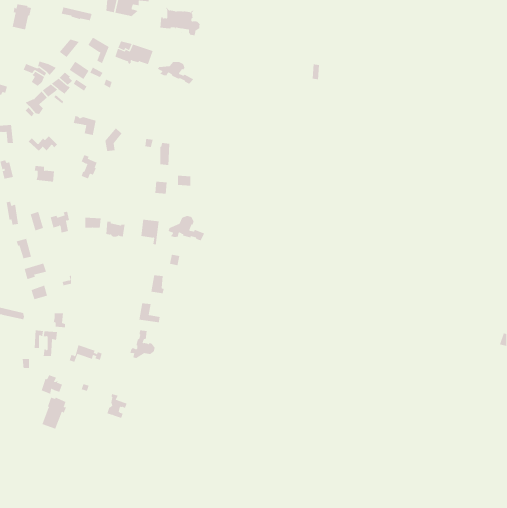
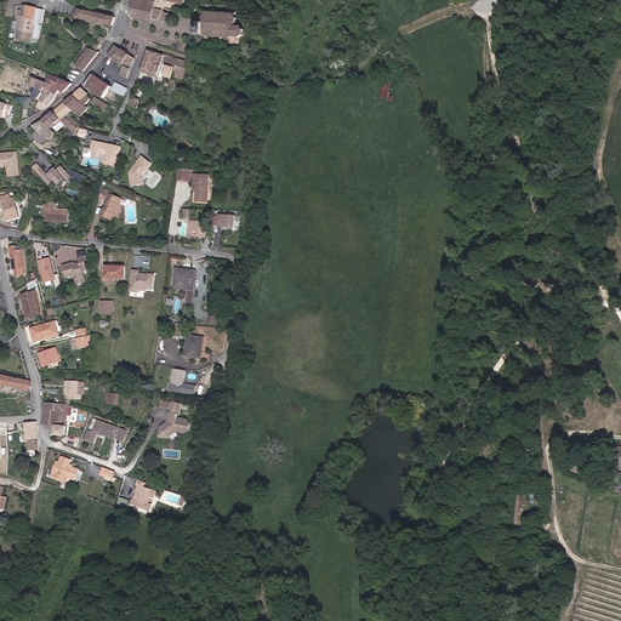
building: [157,61,194,84] -> none
building: [168,215,205,241] -> none
building: [42,396,67,430] -> none

